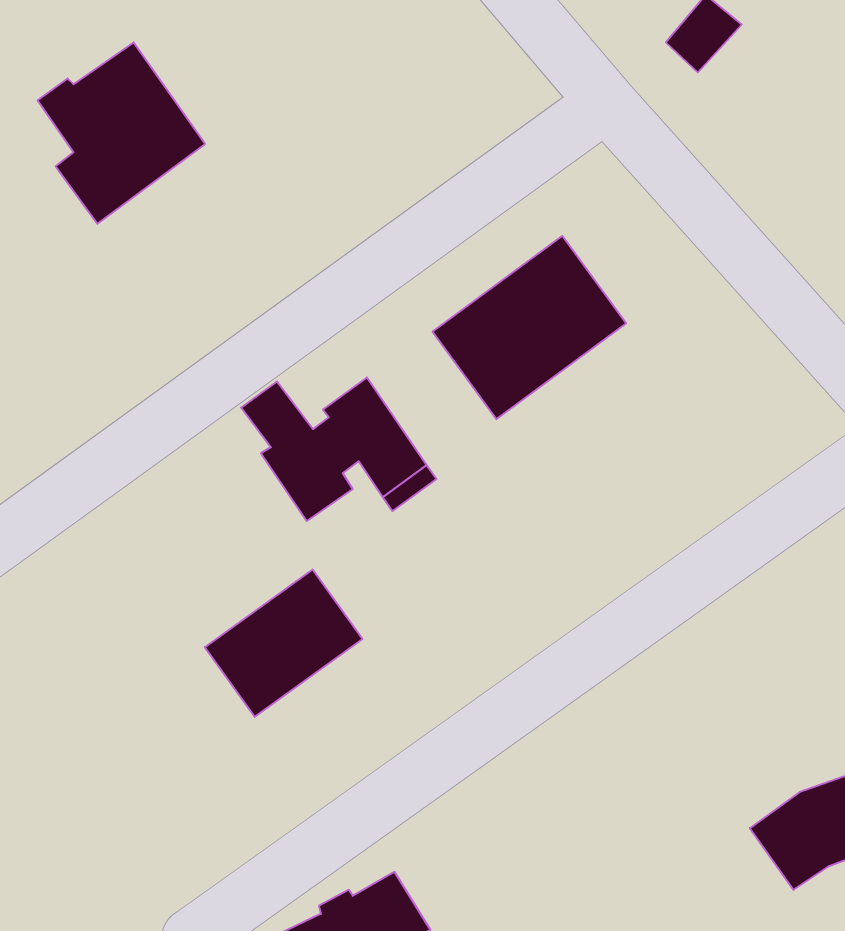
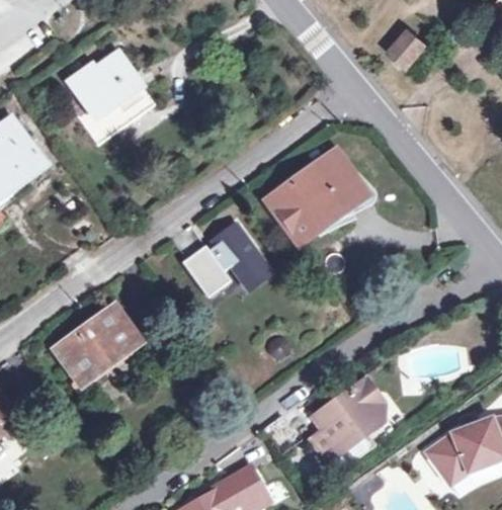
building: [205,569,362,717] -> [57,307,137,381]
building: none -> [314,377,386,462]

